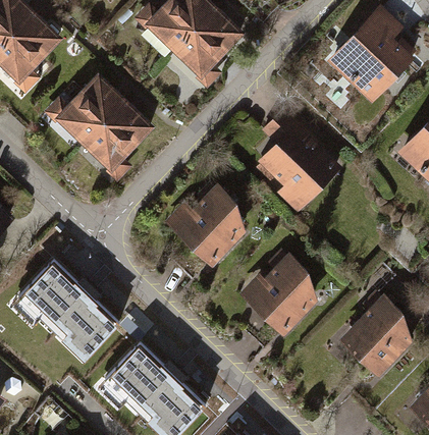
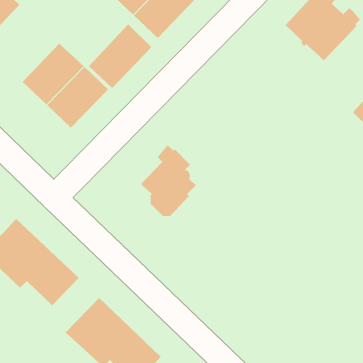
building: none -> [88,24,152,89]
building: [258,111,333,197] -> none
building: [255,253,313,328] -> none
building: [350,293,408,370] -> none

